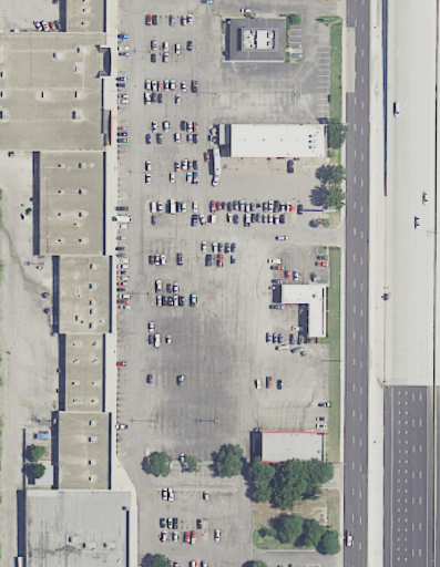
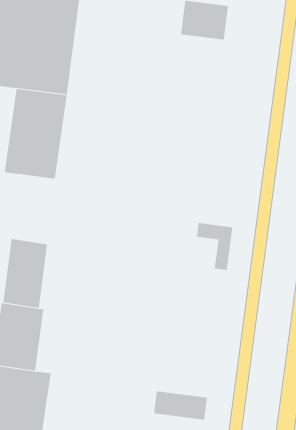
building: [218,125,323,156] -> none
building: [59,255,111,334] -> none
building: [259,433,323,461] -> [153,391,208,420]

